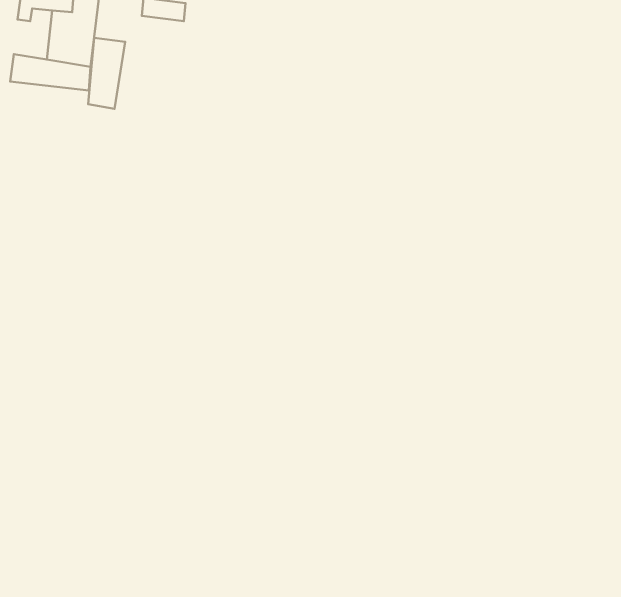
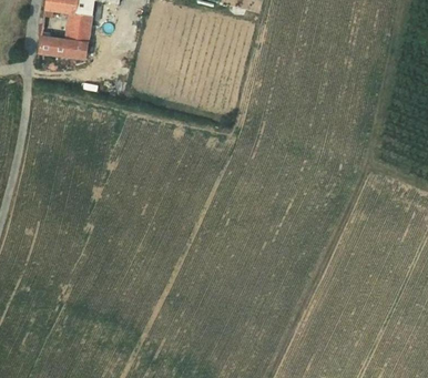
building: [88,38,125,109] -> none

